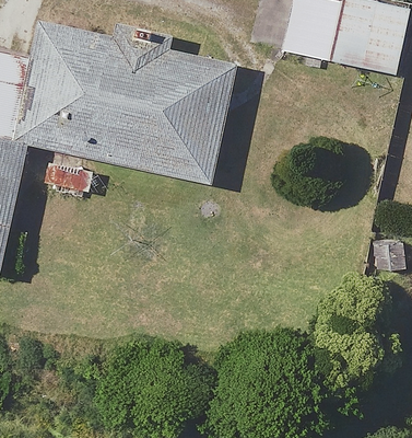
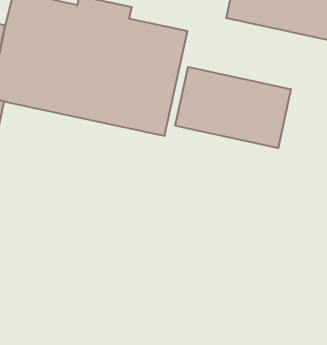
building: none -> [175,67,291,148]

